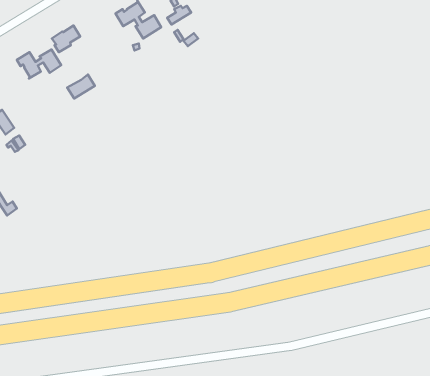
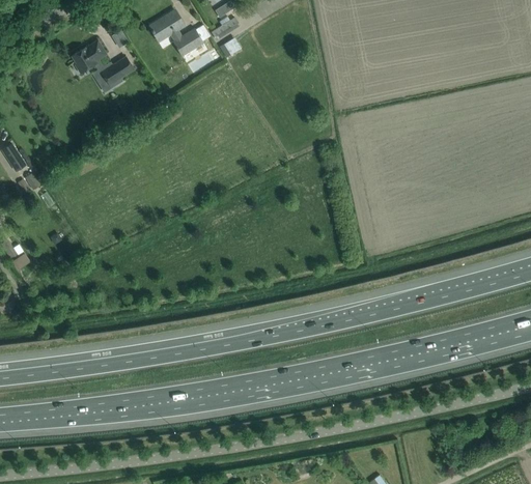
building: [17,49,61,79] -> none
building: [67,75,95,99] -> [101,56,134,85]

